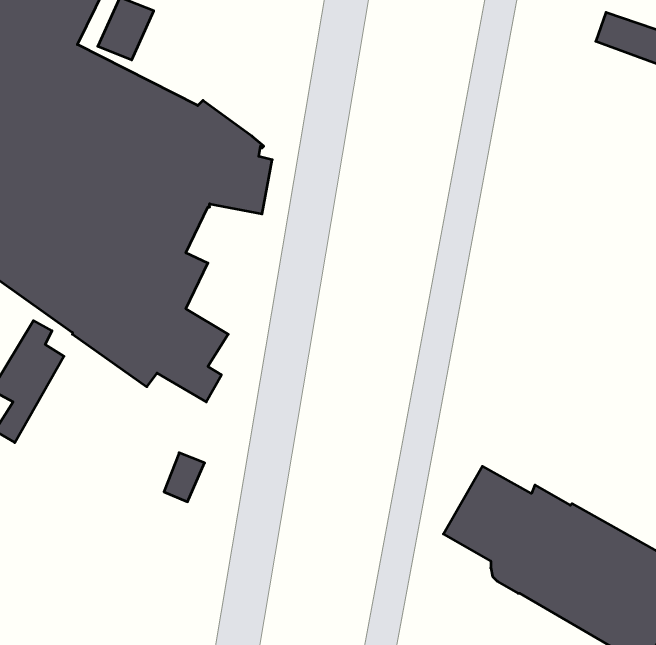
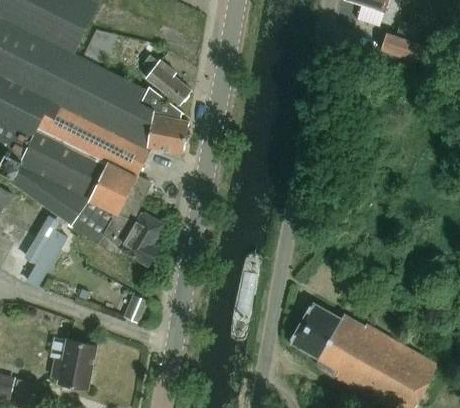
building: none -> [143,55,190,104]
building: none -> [51,339,96,388]

